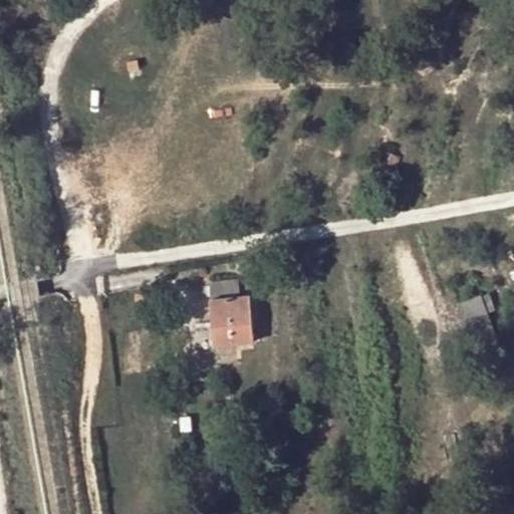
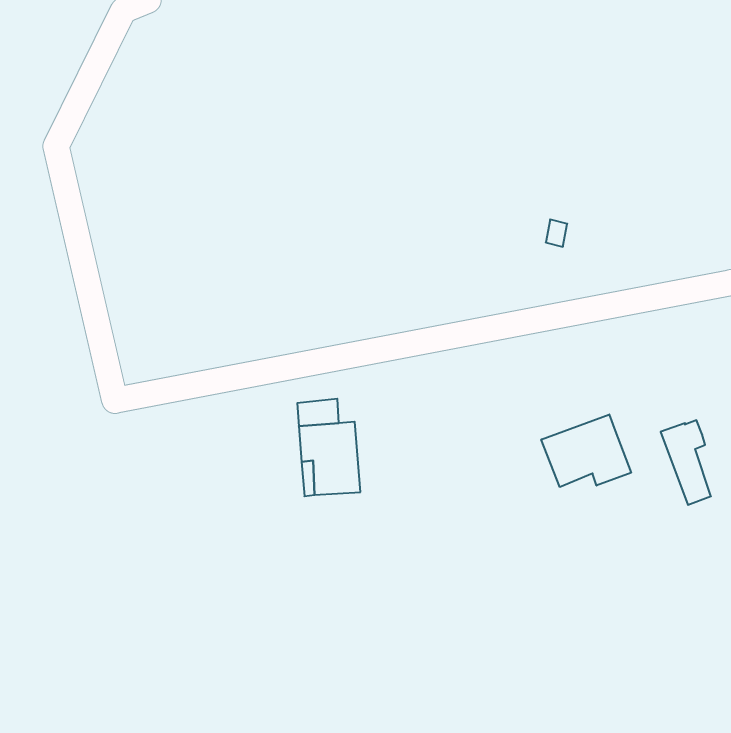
building: none -> [541,414,631,487]

